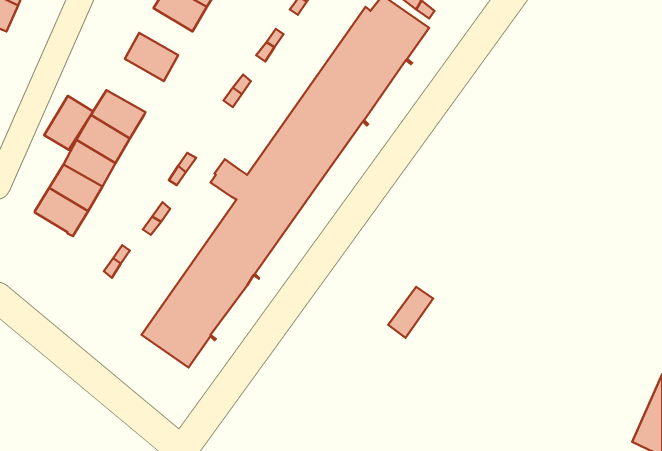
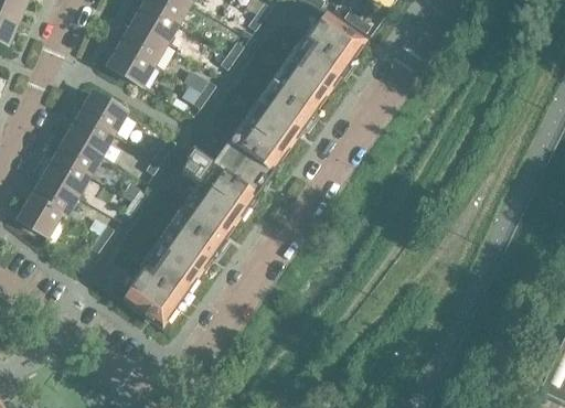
building: none -> [119,24,164,64]
building: [44,96,93,150] -> none
building: none -> [12,194,58,237]
building: [388,287,433,338] -> none

